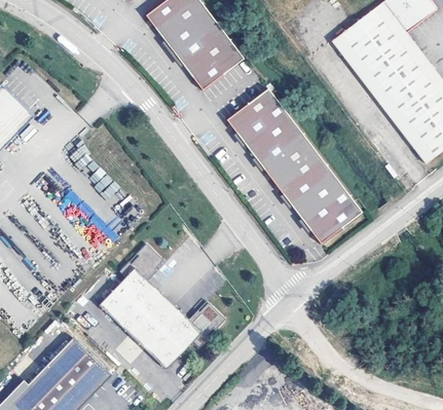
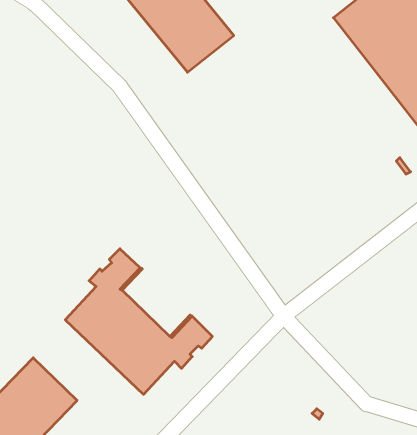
building: [227,87,364,241] -> none

